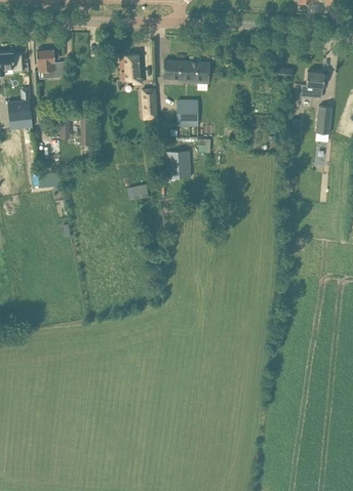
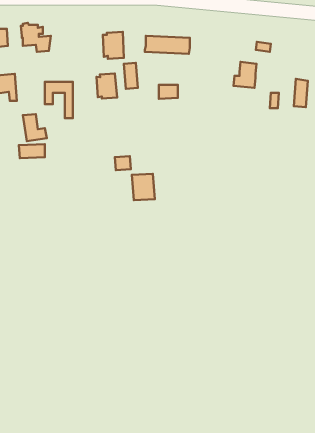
building: [300,71,323,97] -> [234,62,257,88]
building: none -> [96,74,117,98]
building: [166,151,190,177] -> [132,174,155,200]

